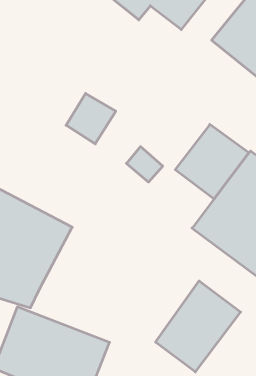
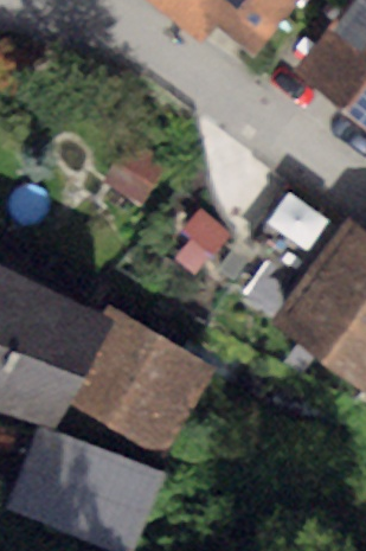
building: none -> [68,310,212,457]
building: [156,281,241,372] -> none

